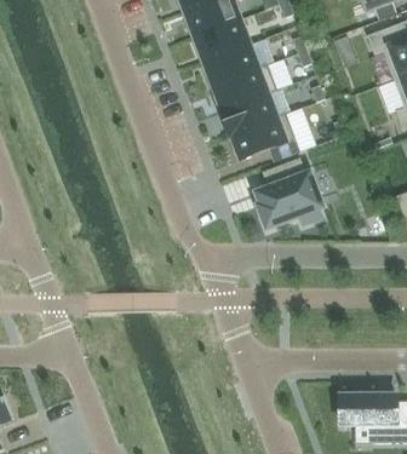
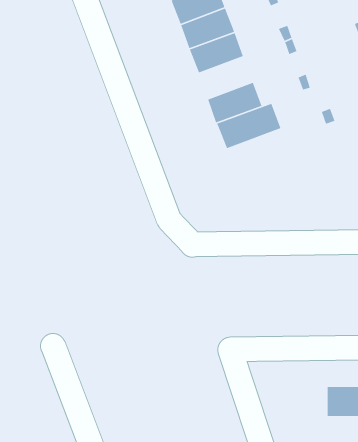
building: [213,64,276,110] -> none
building: [257,159,322,228] -> none

